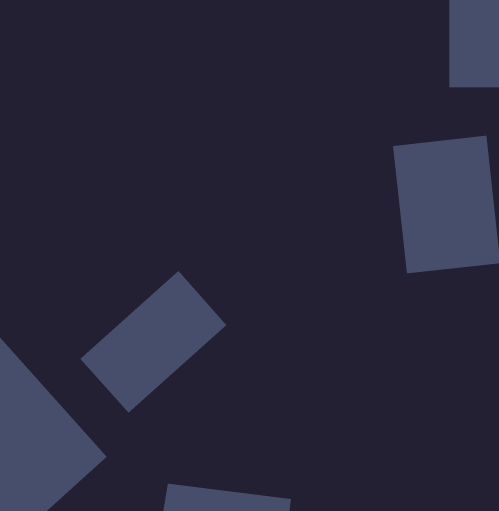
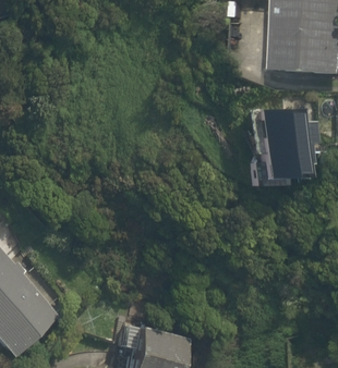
building: [80,270,227,413] -> none

